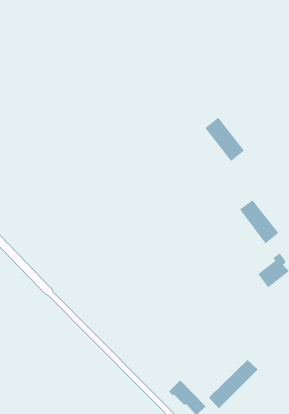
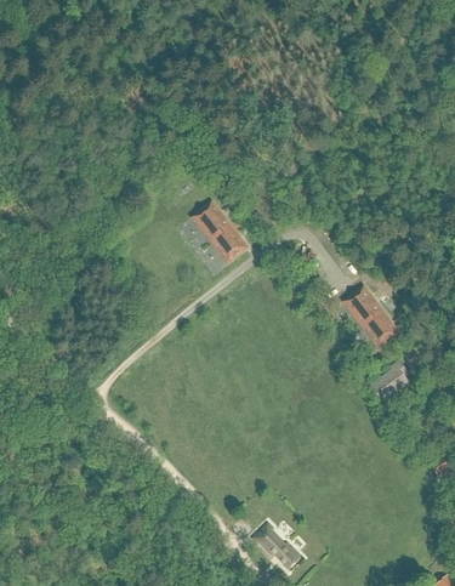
building: [205,117,245,162] -> [193,205,245,263]
building: [208,359,258,409] -> none

